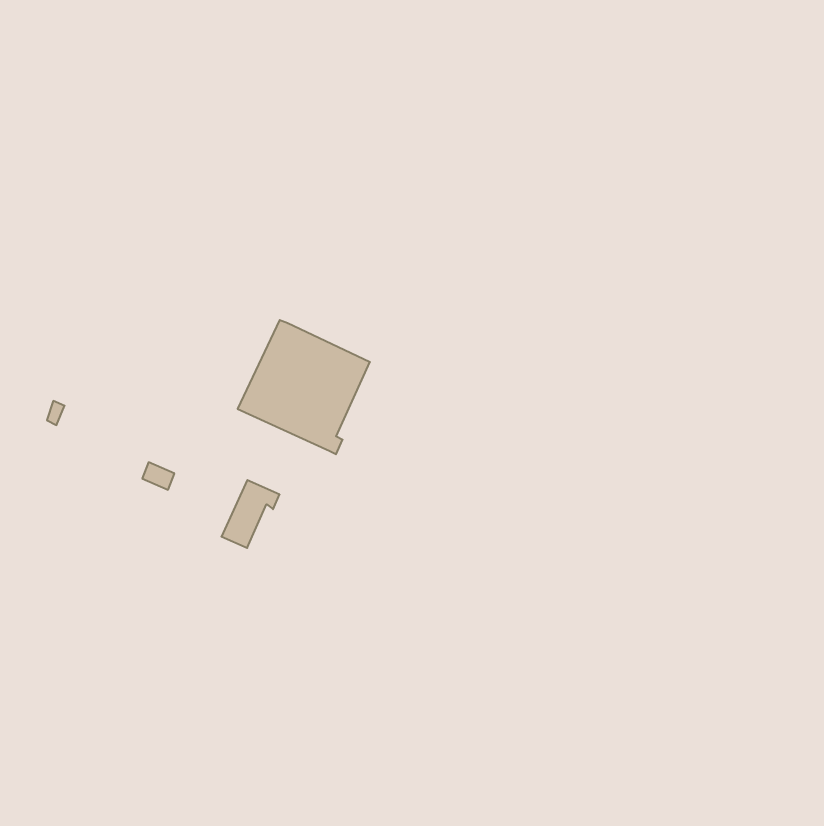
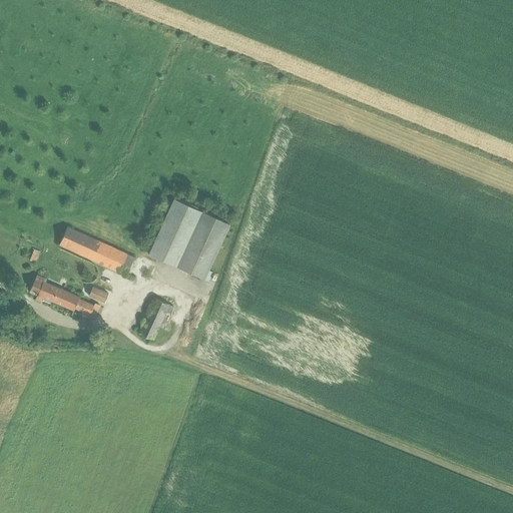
building: none -> [58,226,134,276]
building: none -> [28,275,99,319]

